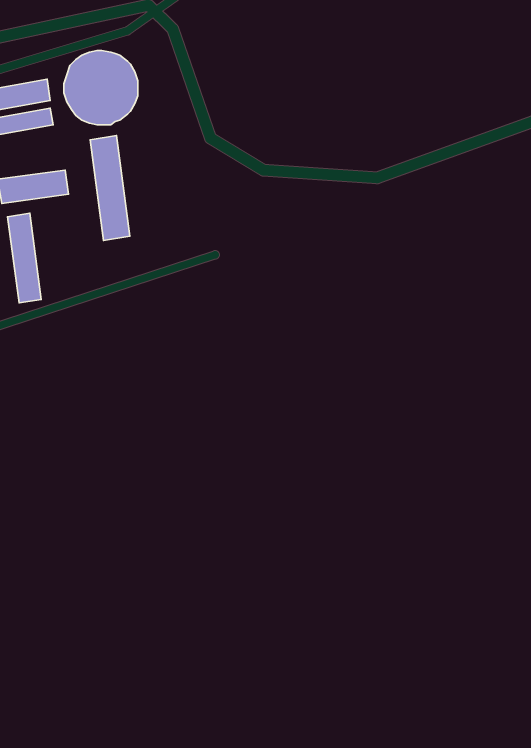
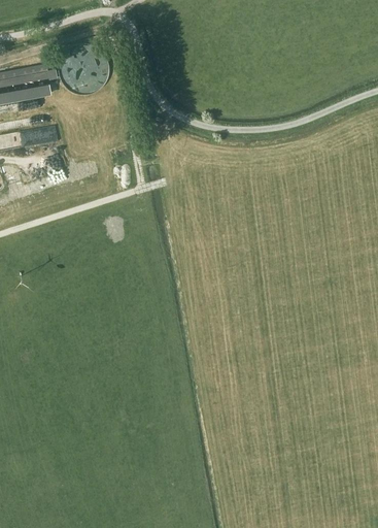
building: [90,136,130,240] -> none
building: [8,213,41,303] -> none

